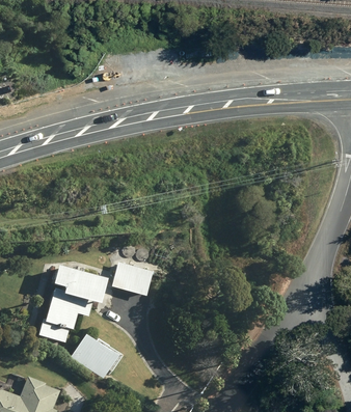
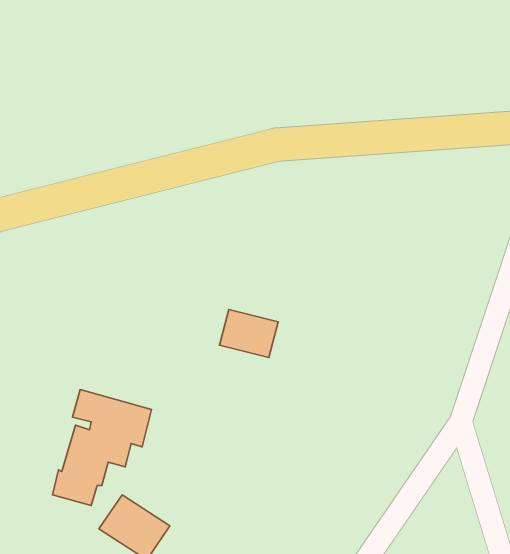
building: [112,263,152,295] -> [219,310,278,358]

